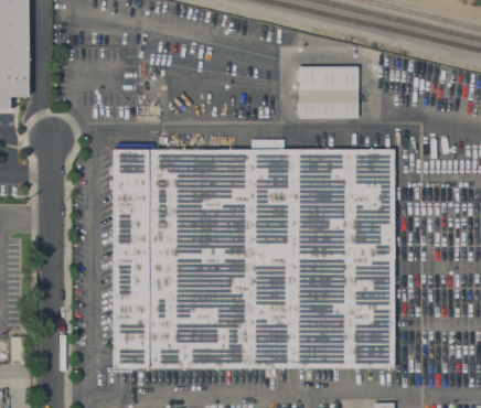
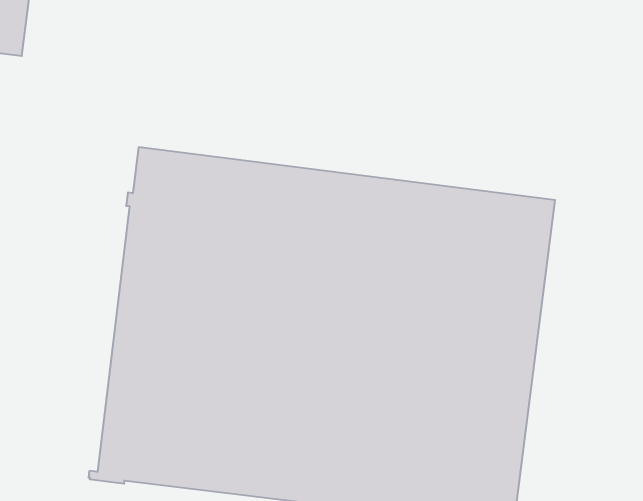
building: [298,65,359,119] -> none

